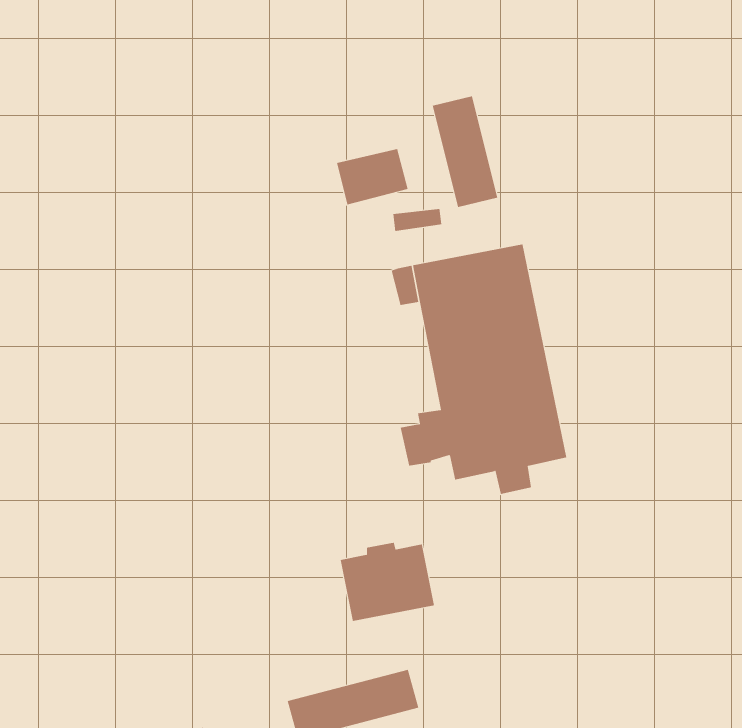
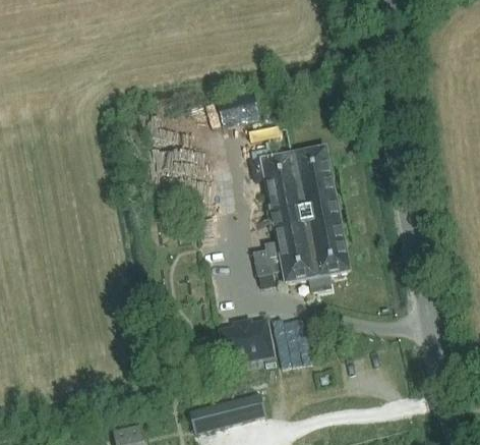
building: [432,96,498,208] -> none
building: none -> [286,320,310,360]

